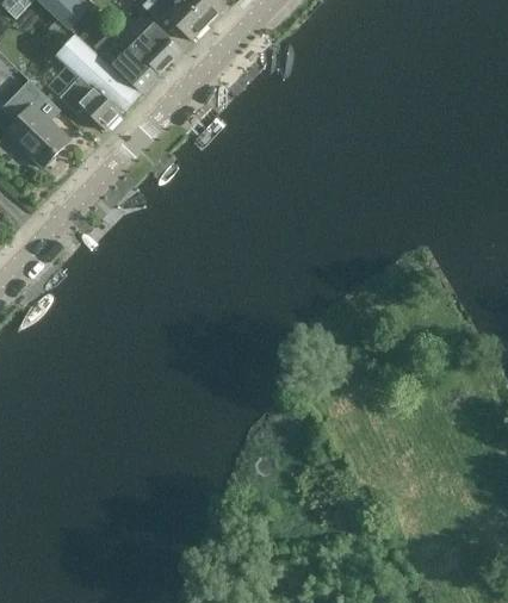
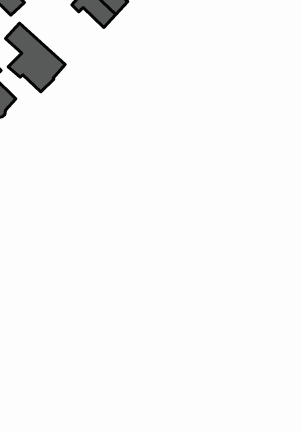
building: [106,23,182,89] -> none

